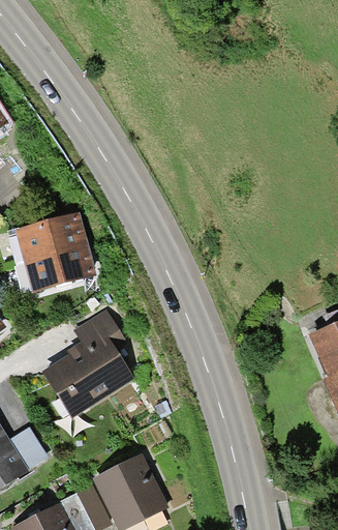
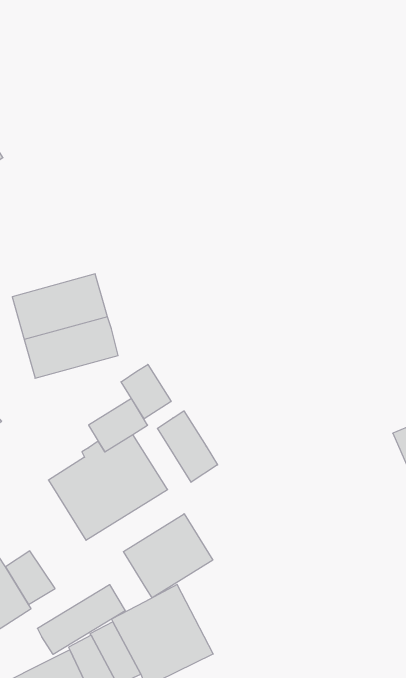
building: none -> [121,364,171,419]
building: none -> [157,411,218,482]
building: none -> [123,514,213,598]
building: none -> [37,585,125,654]

